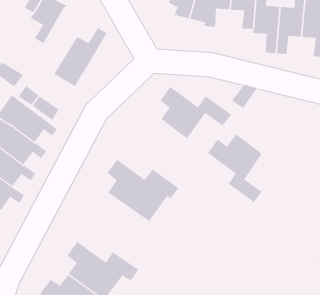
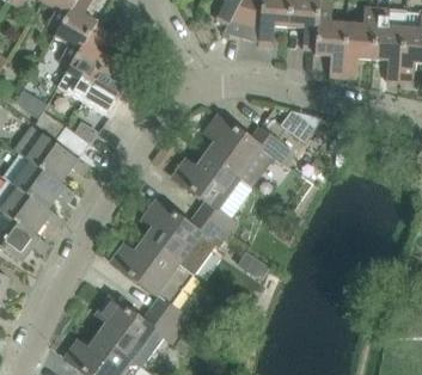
building: none -> [56,24,109,102]
building: [207,134,262,203] -> [173,154,238,235]
building: none -> [111,240,194,331]

